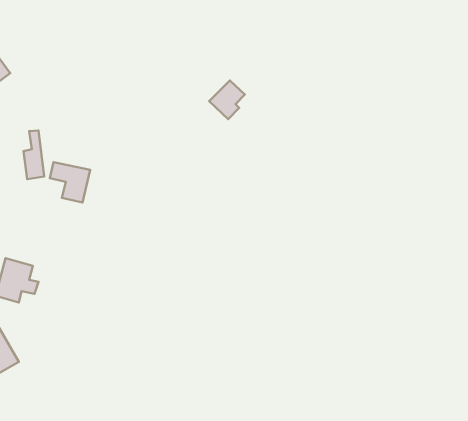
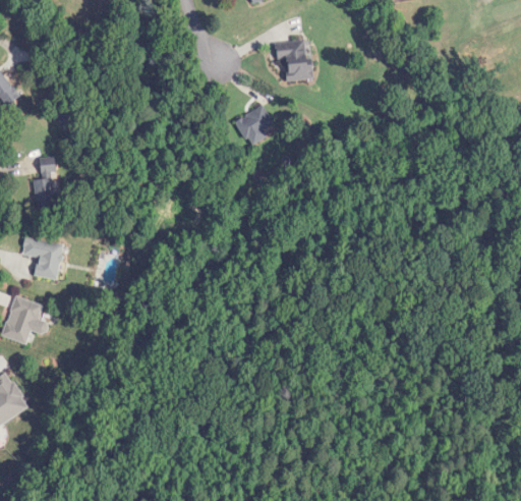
building: none -> [276,40,309,79]
building: [50,162,90,203] -> [20,236,64,280]

